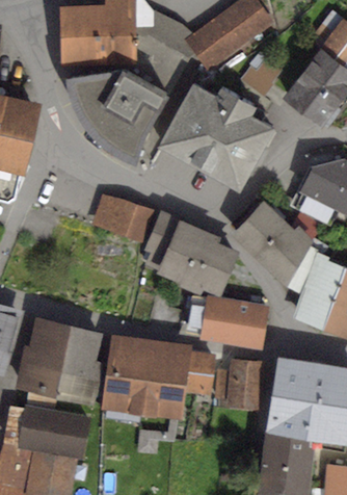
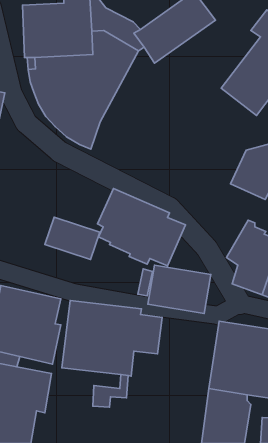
building: [240,56,283,96] -> none
building: [158,83,274,191] -> none
building: [91,194,153,241] -> [45,217,100,259]
building: [231,201,321,287] -> none
building: [215,357,266,412] -> none

